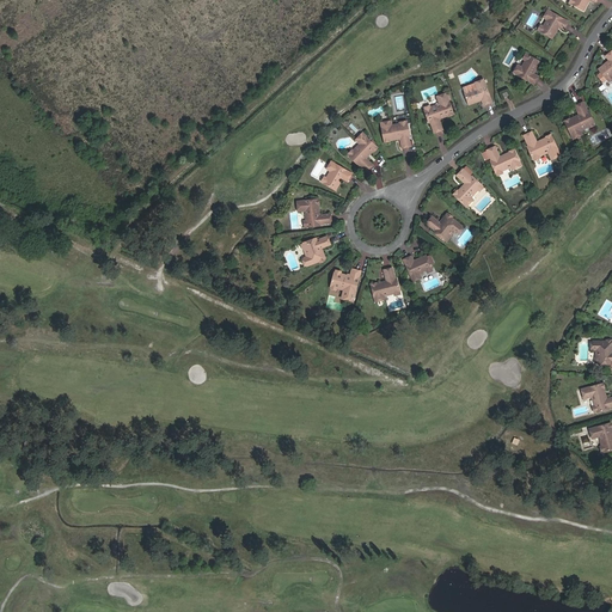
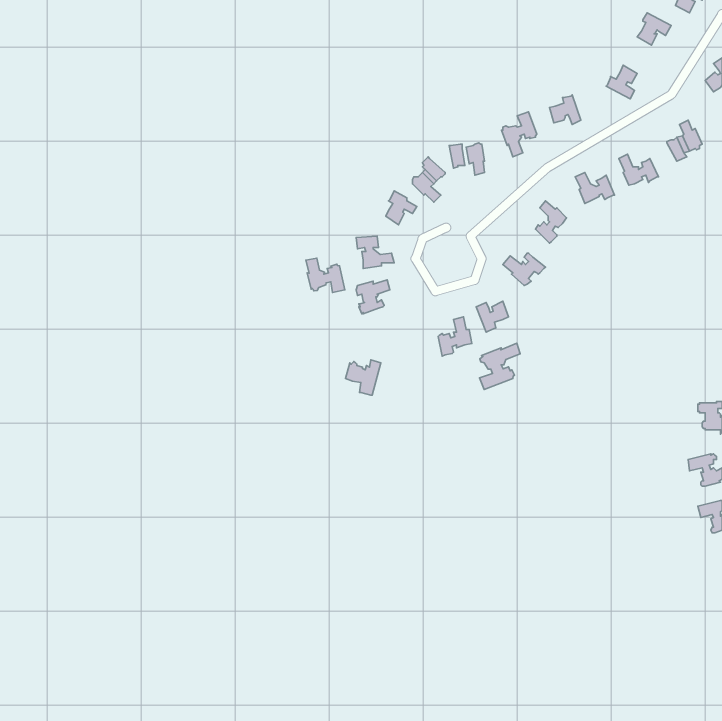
building: none -> [306,258,345,293]
building: [330,269,360,299] -> [345,360,381,395]
building: none -> [480,343,520,390]

